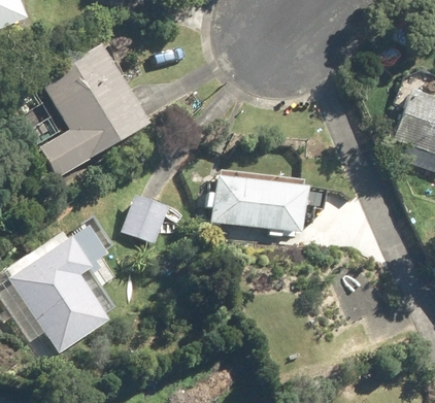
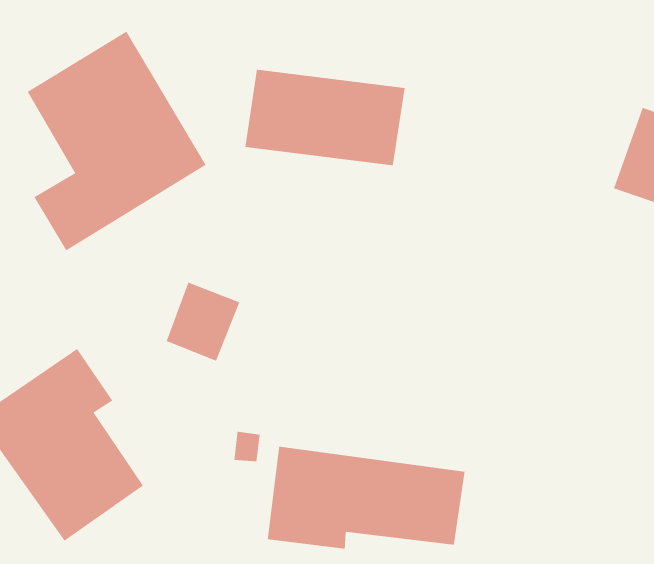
building: [211,174,309,233] -> [244,69,405,166]
building: none -> [267,446,465,550]

